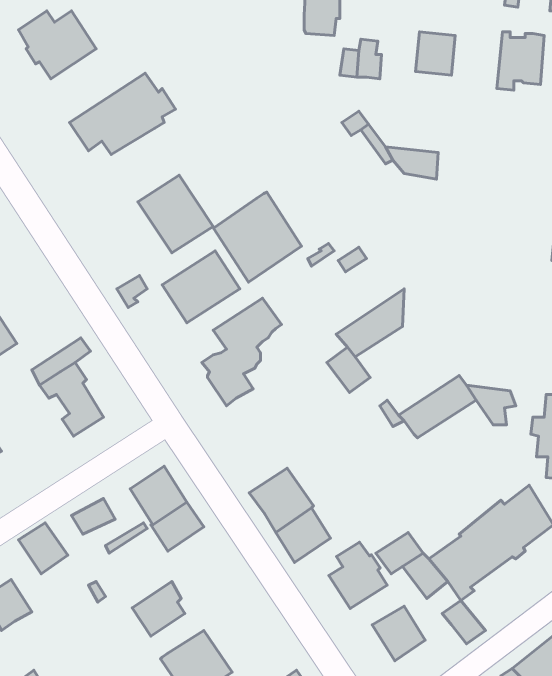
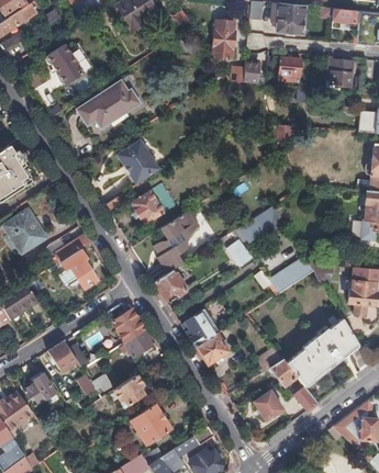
building: [214,192,302,282] -> none
building: none -> [155,269,187,303]
building: [329,542,387,609] -> none

